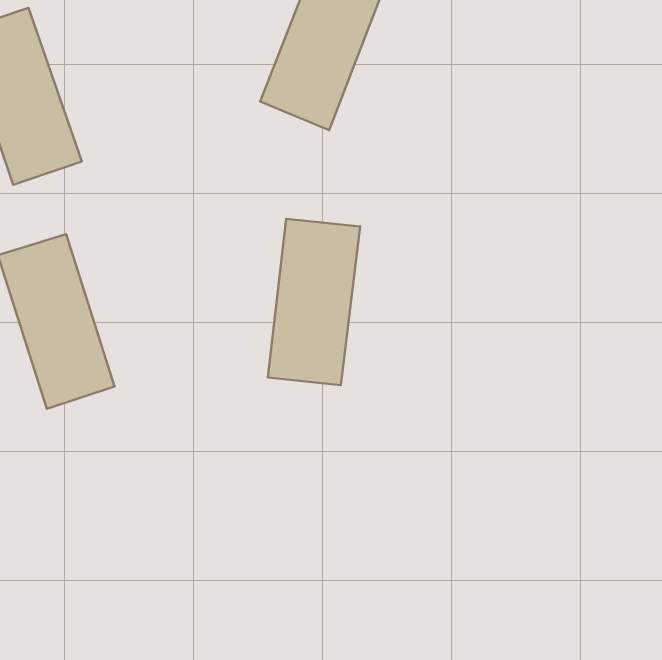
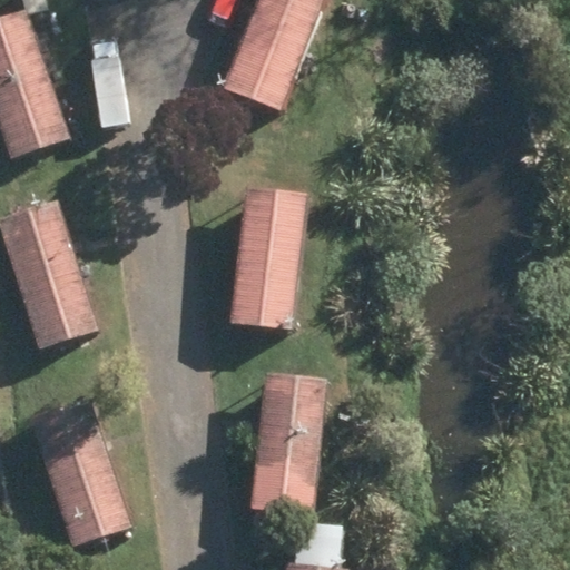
building: none -> [248,372,325,514]
building: none -> [28,396,130,547]

